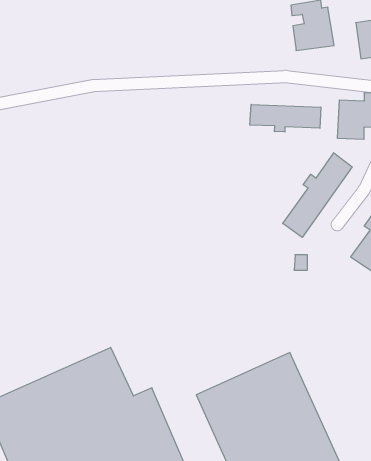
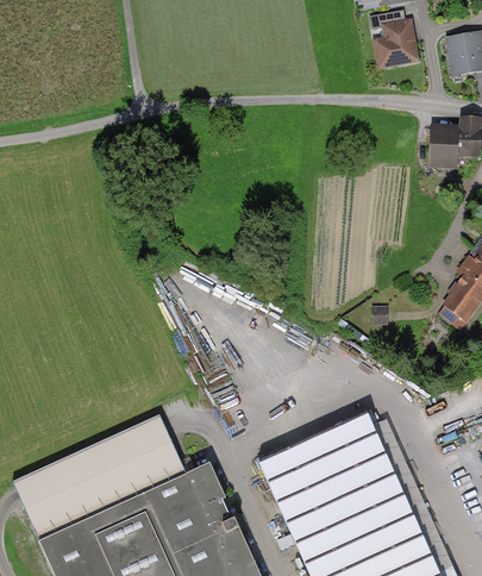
building: [250,104,321,132] -> none
building: [283,153,352,237] -> none

